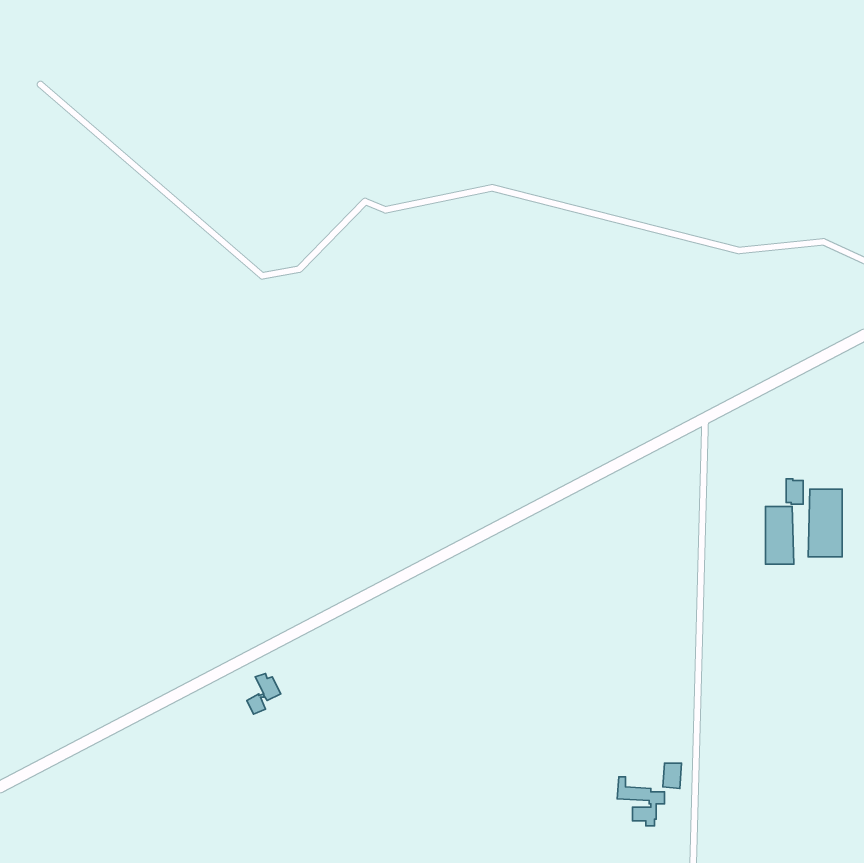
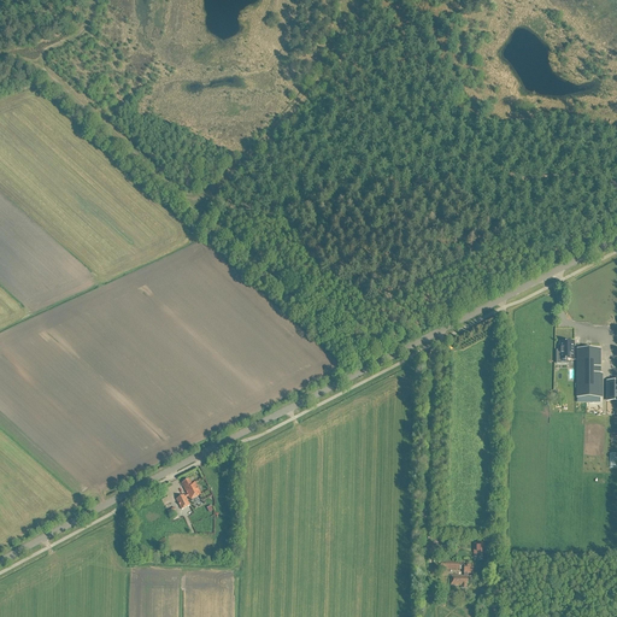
building: [765,506,794,564] -> none

